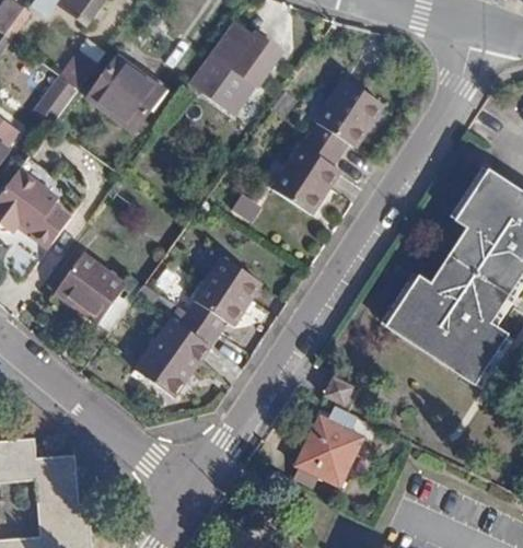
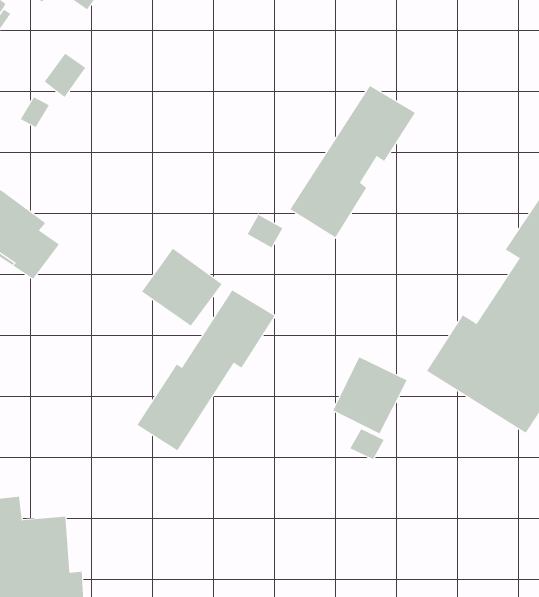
building: [188,22,281,113] -> none
building: [83,53,164,133] -> none
building: [54,253,125,322] -> [141,248,223,327]
building: [295,416,361,483] -> [332,357,408,434]

